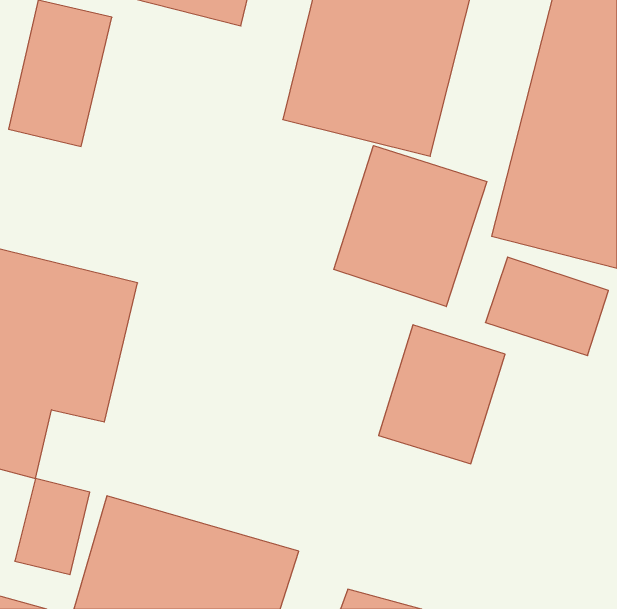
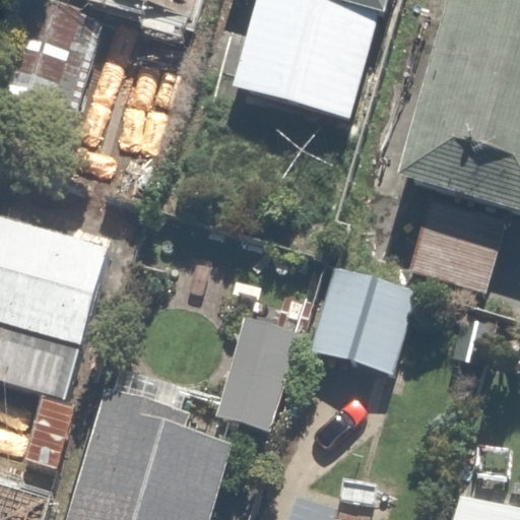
building: [334,146,487,307] -> none
building: none -> [212,301,301,437]

